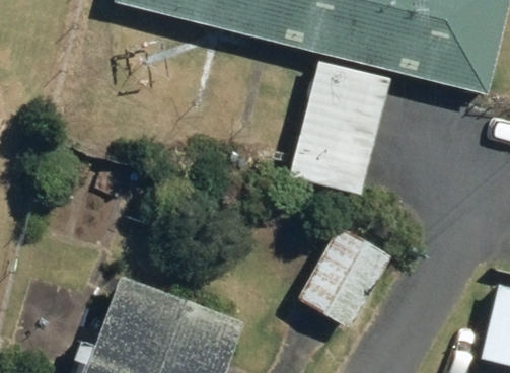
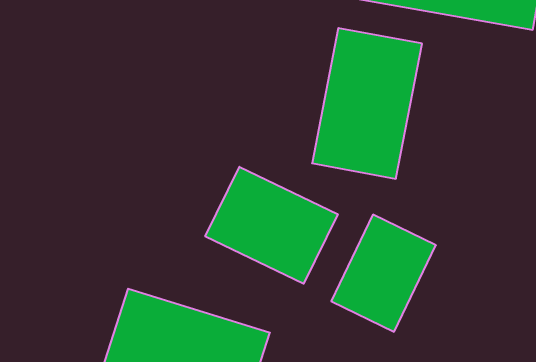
building: none -> [205,167,338,284]

